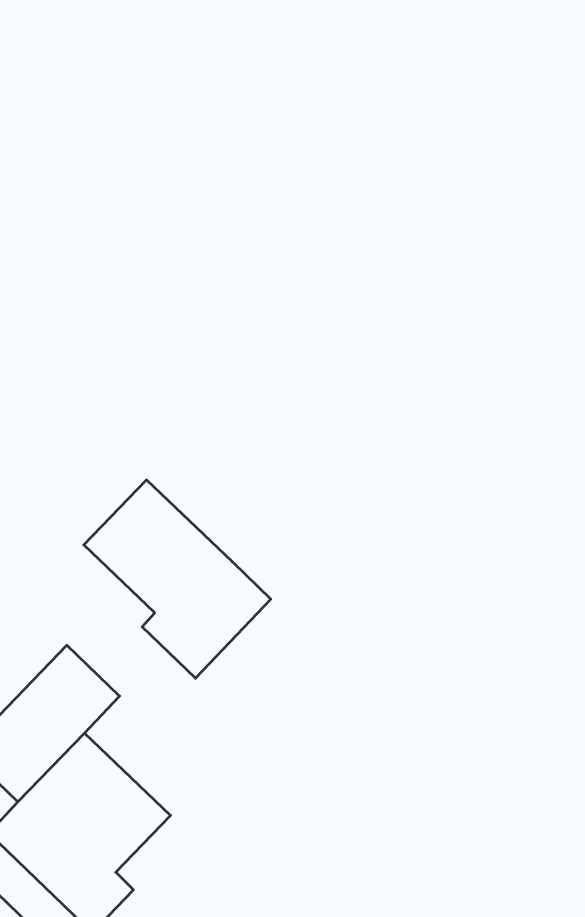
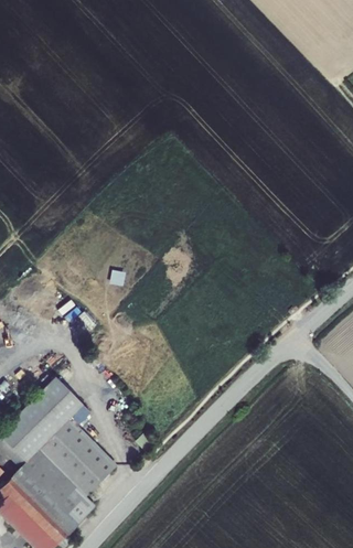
building: [84,480,271,678] -> none

